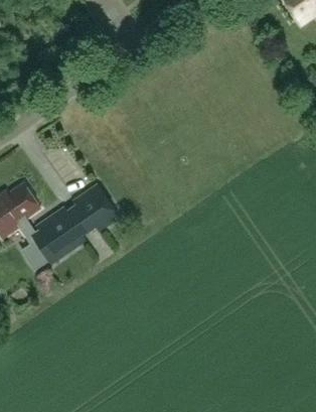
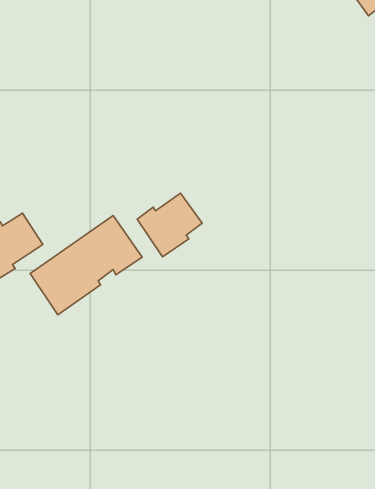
building: none -> [137,193,202,257]

